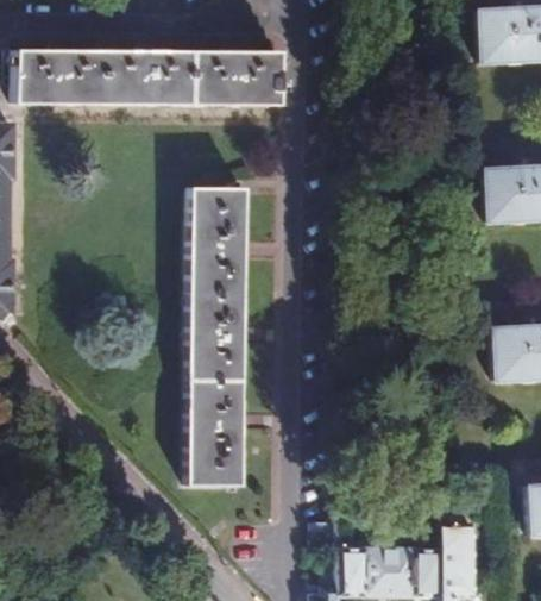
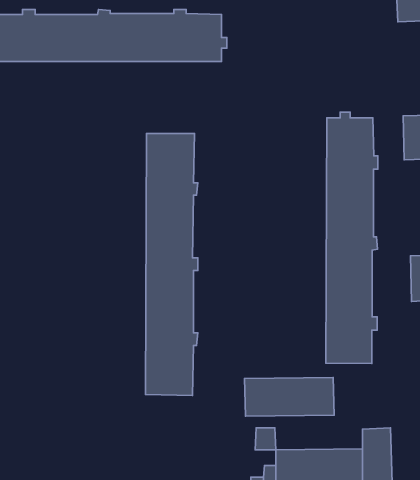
building: none -> [326,112,378,363]
building: none -> [245,378,334,416]

